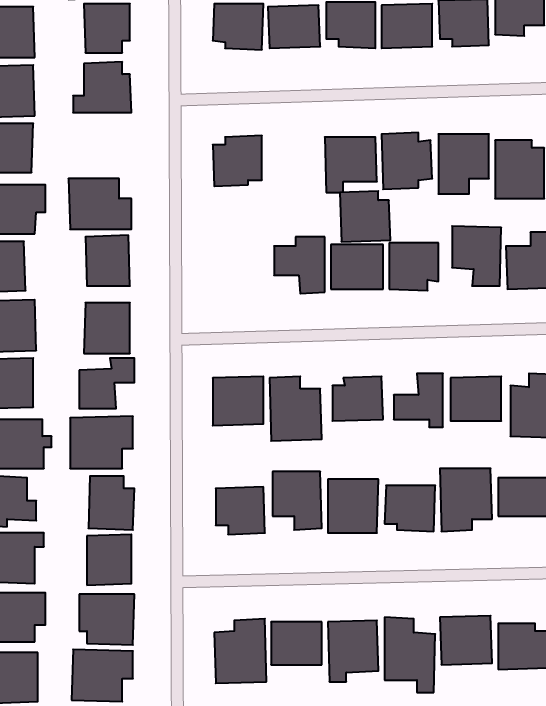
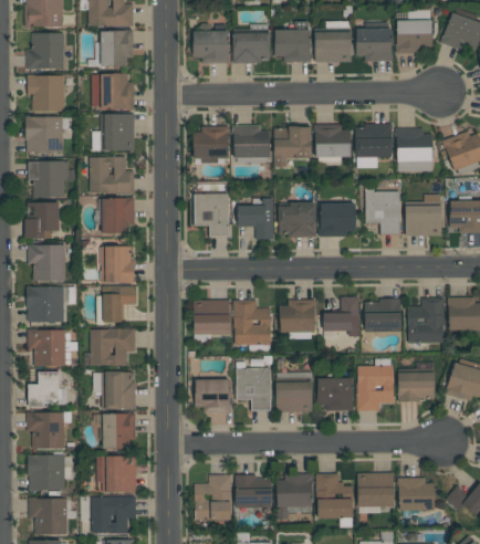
building: none -> [91,114,134,151]
building: [340,191,390,242] -> [232,125,269,161]
building: none -> [194,193,228,236]

